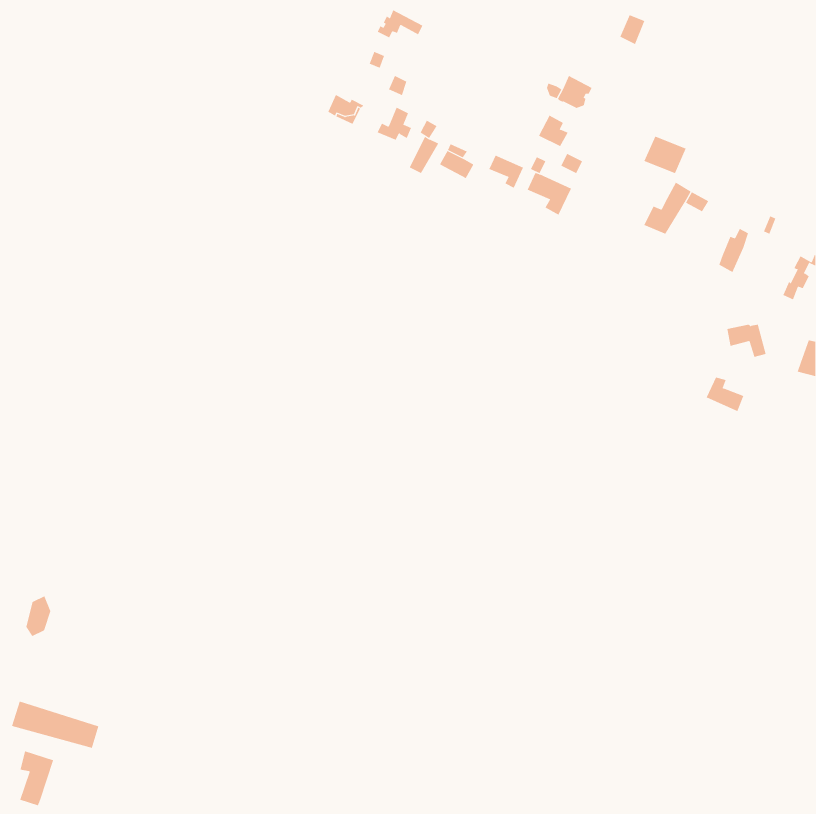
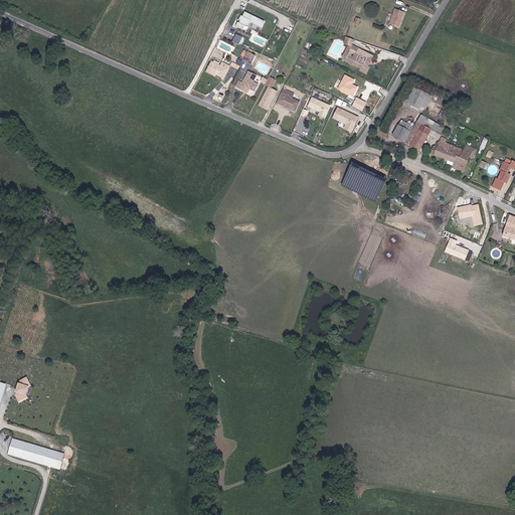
building: none -> [427,136,460,161]
building: none -> [342,162,385,199]
building: [19,751,54,806] -> none

